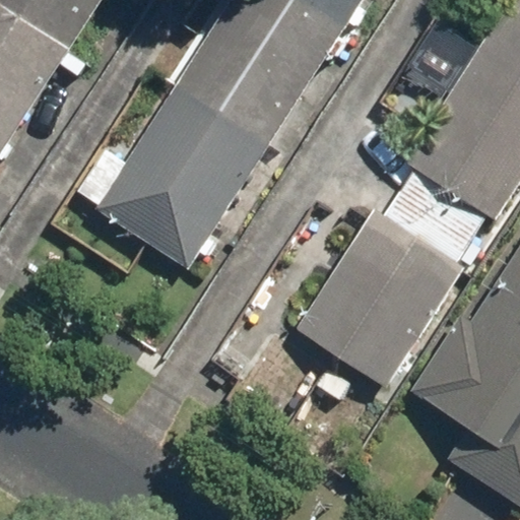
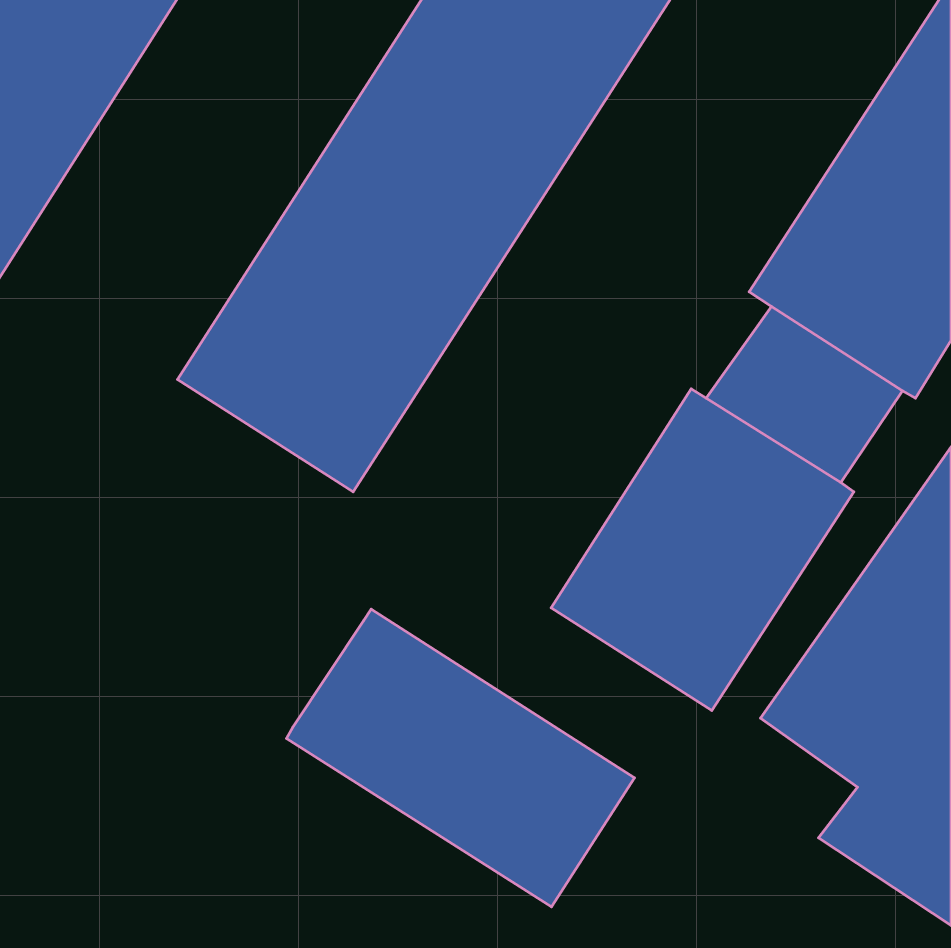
building: none -> [287,609,634,907]

